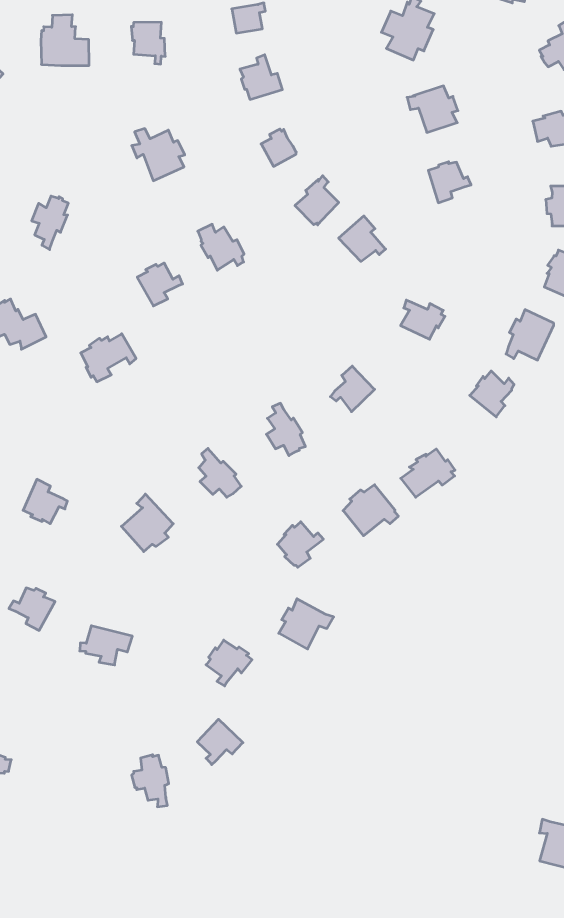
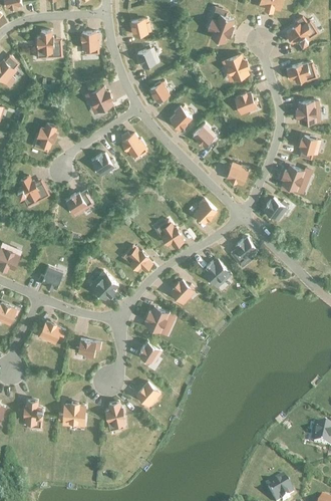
building: [279,599,334,649] -> [144,307,172,332]
building: none -> [63,403,83,426]

